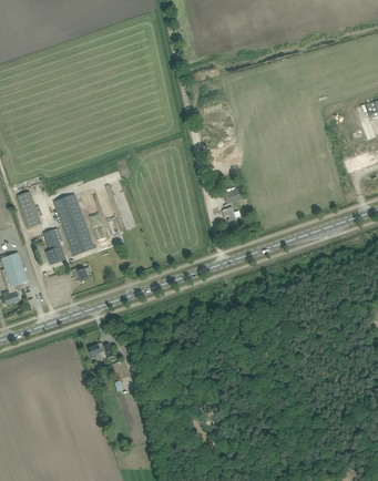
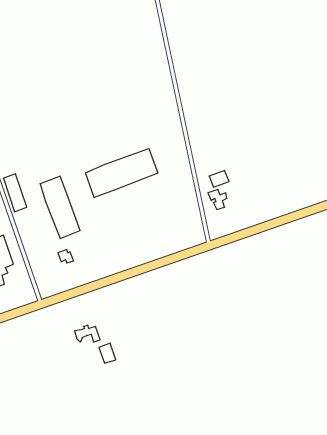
building: none -> [85,149,158,198]
building: [43,227,67,264] -> none

